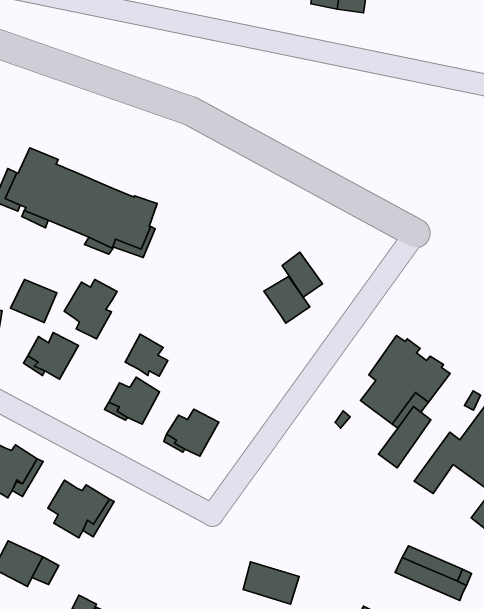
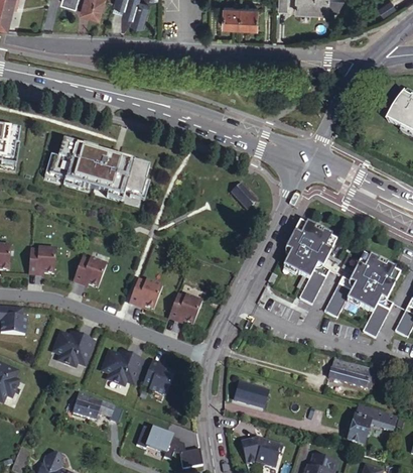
building: [264,276,310,323] -> none
building: [64,279,117,339] -> none
building: [11,280,57,322] -> none
building: [125,334,168,376] -> none
building: none -> [145,362,175,392]

